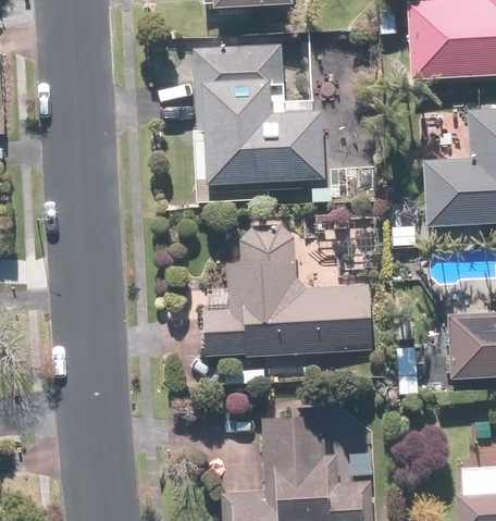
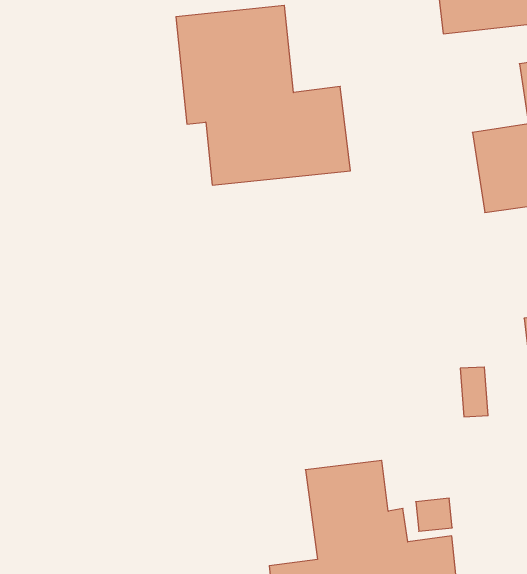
building: [206,225,372,356] -> none

